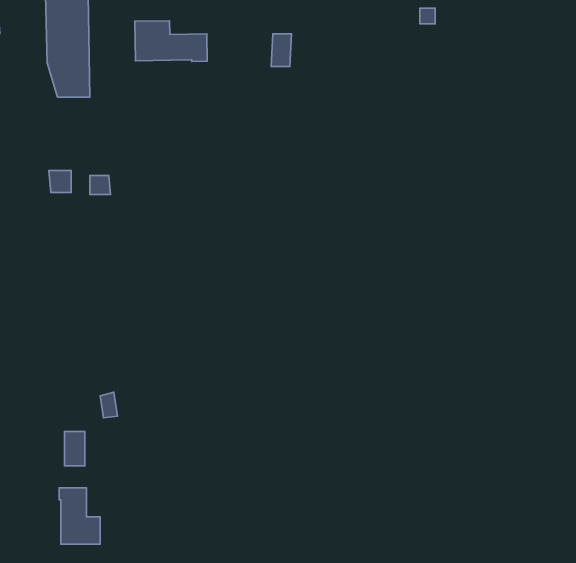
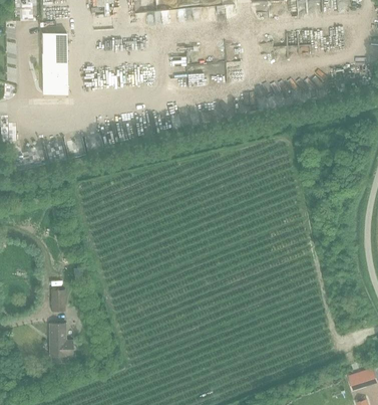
building: [135,21,207,62] -> none

